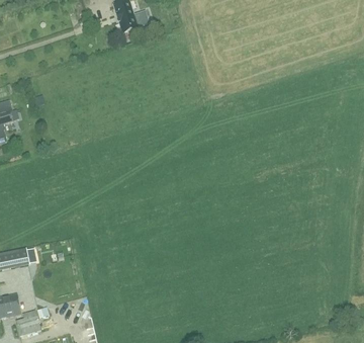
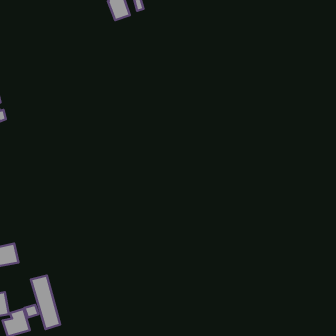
building: none -> [31,276,60,329]

